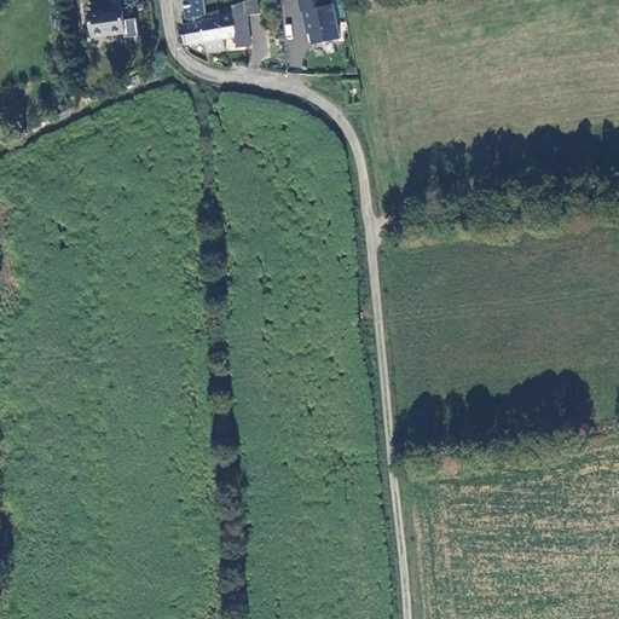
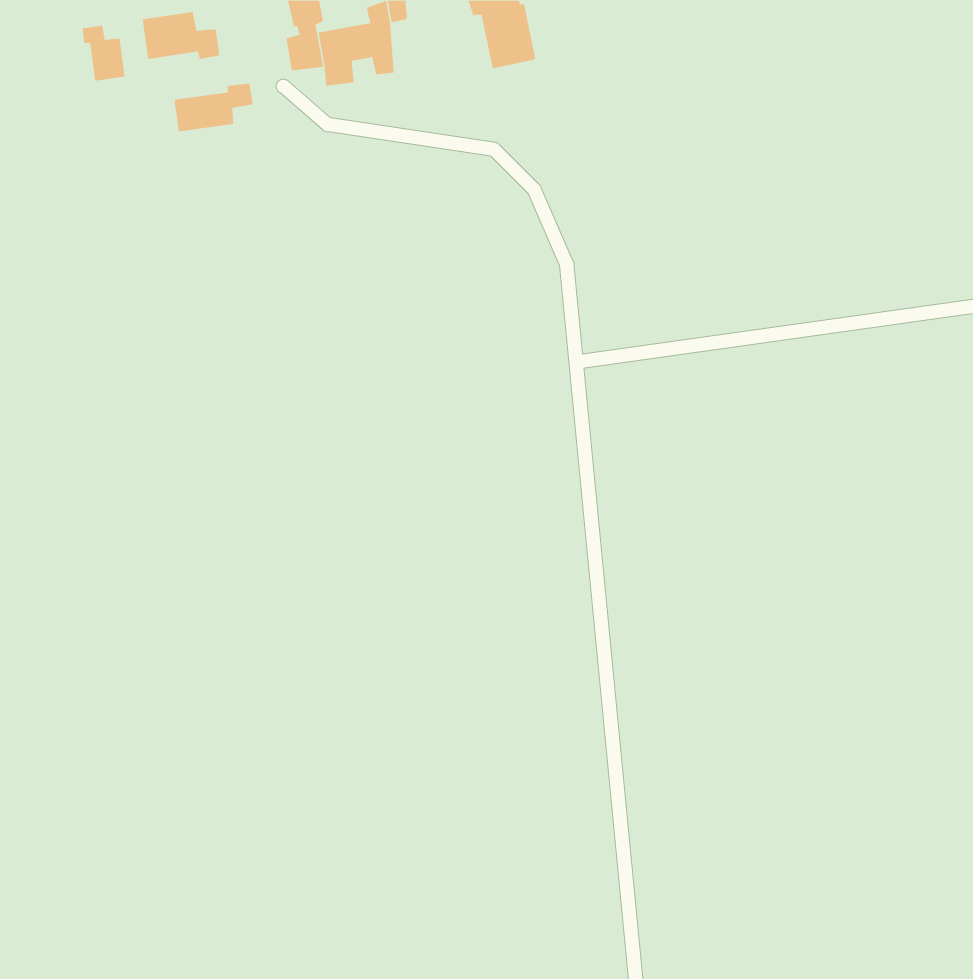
building: none -> [82,25,125,82]
building: none -> [174,83,253,132]

